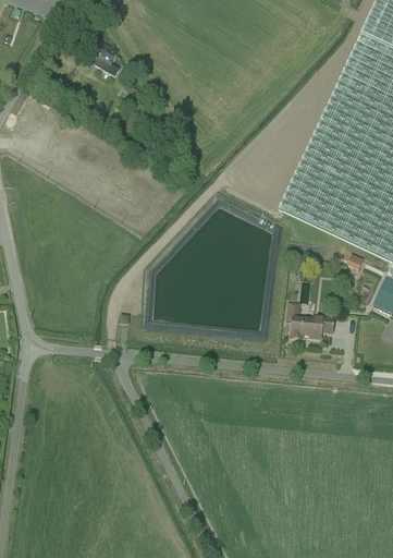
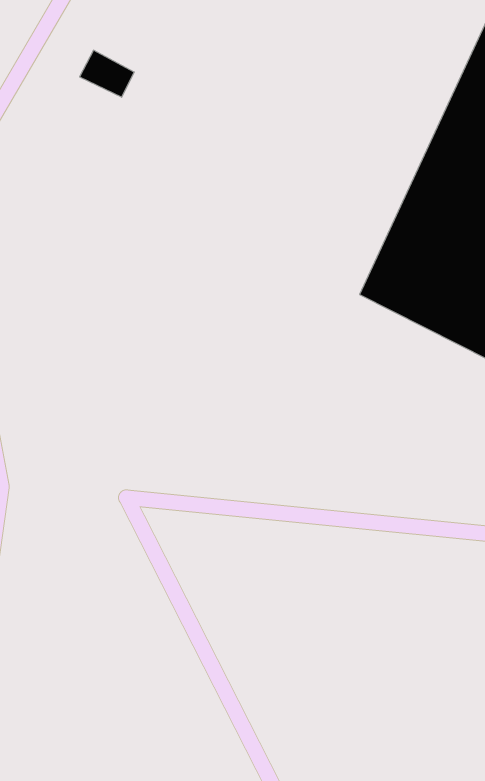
building: [286,307,332,339] -> none

